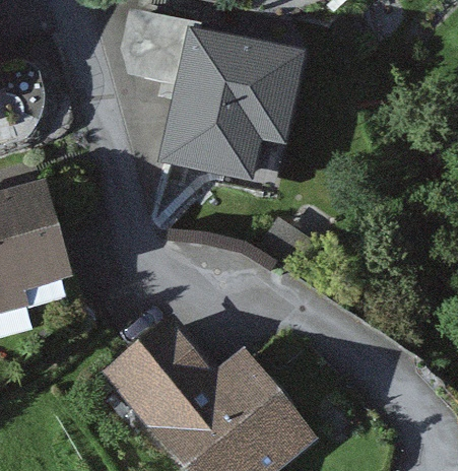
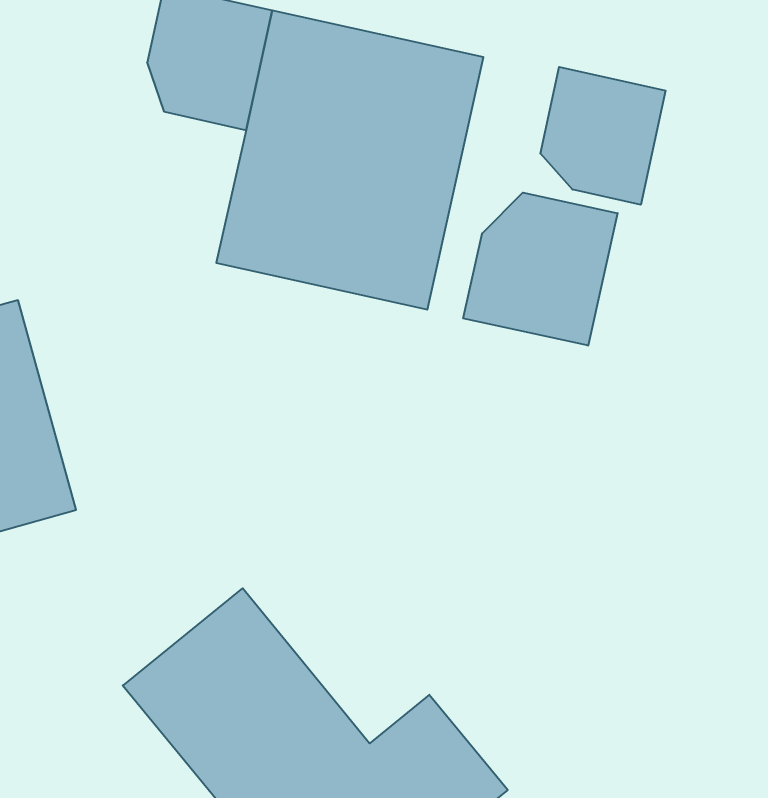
building: none -> [540,67,666,205]
building: none -> [463,193,618,346]

